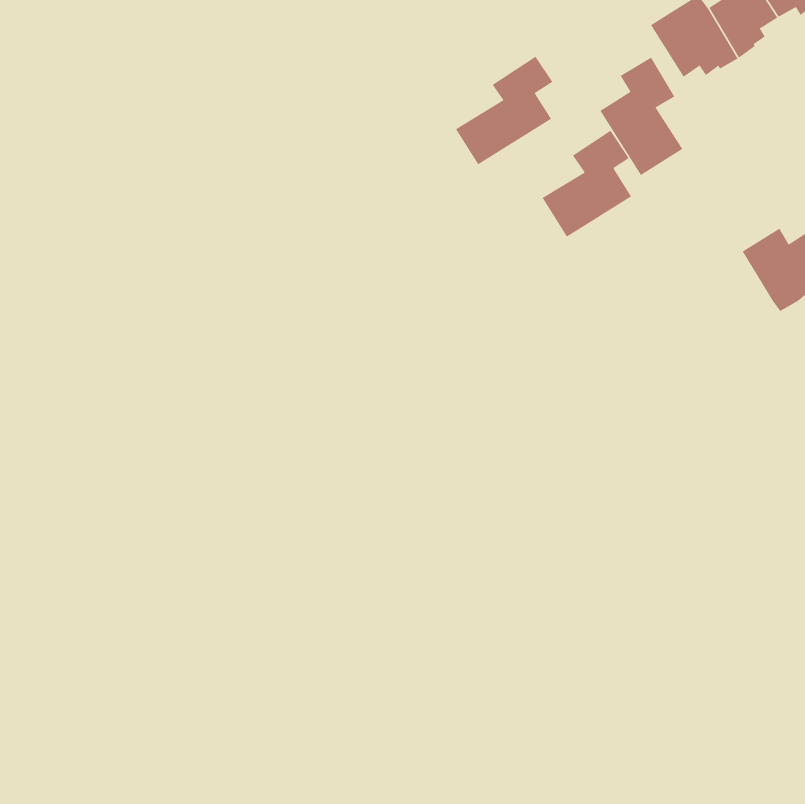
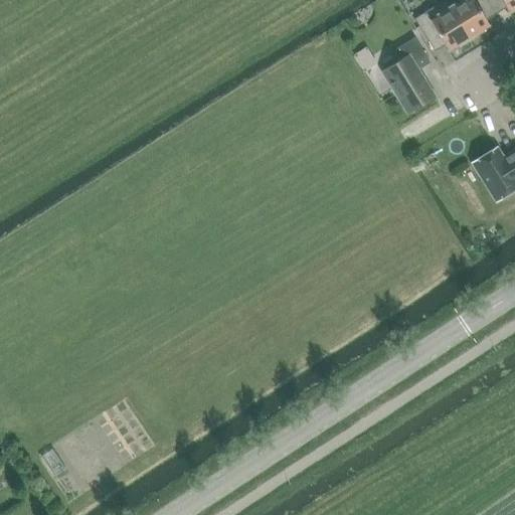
building: [455,56,553,165] -> none
building: [542,130,632,237] -> none

